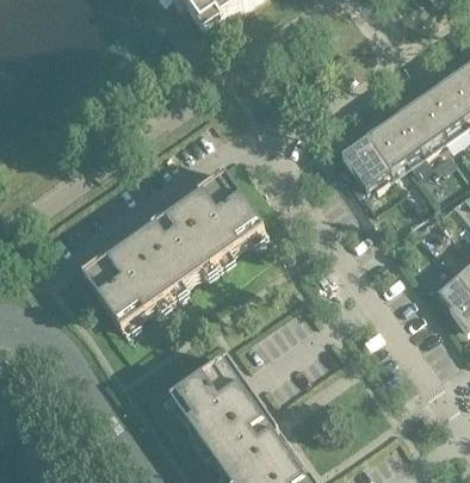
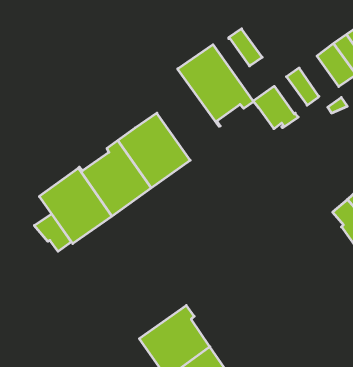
building: none -> [178,45,253,126]
building: [397,100,445,154] -> none
building: [366,125,407,171] -> [229,29,262,66]
building: none -> [34,214,71,251]
building: [169,355,260,444] -> none

